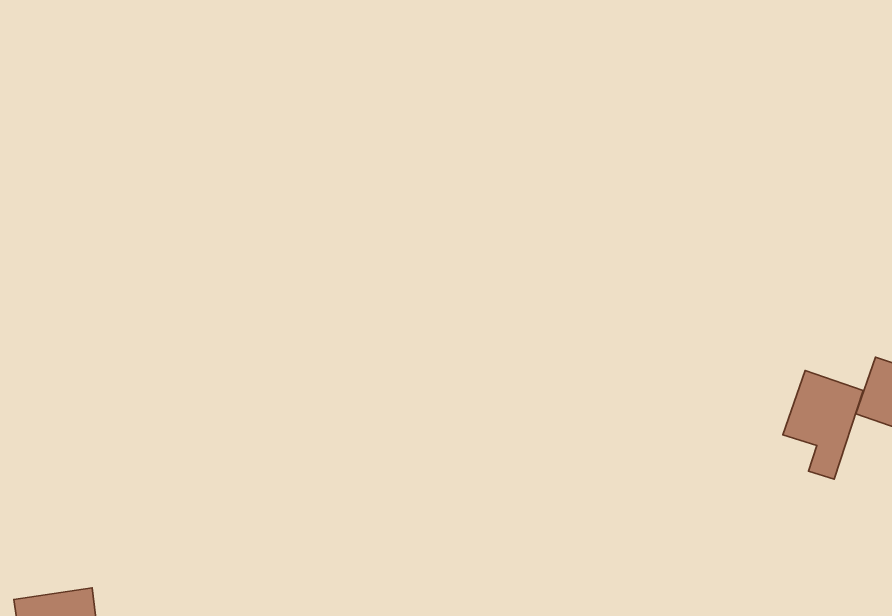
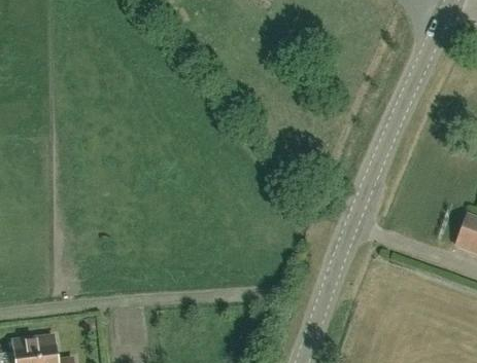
building: [783,371,863,479] -> none

